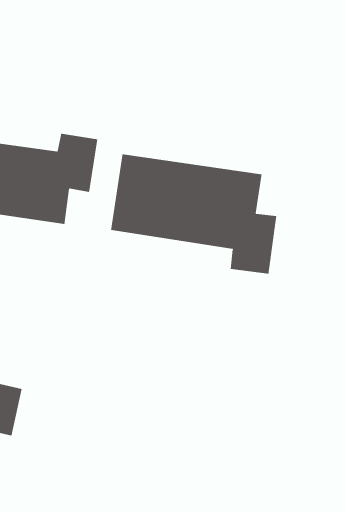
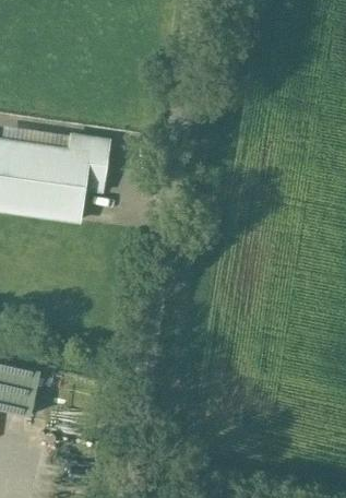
building: [110,154,277,274] -> none

